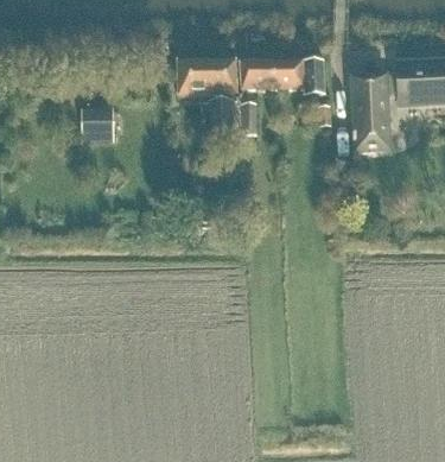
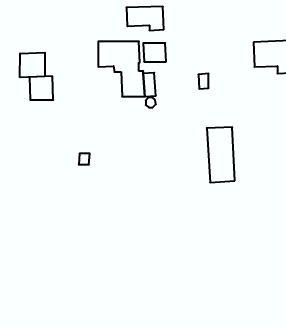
building: [273,59,325,93] -> [126,7,164,30]
building: [351,74,390,151] -> [207,127,235,182]
building: none -> [20,53,45,77]

